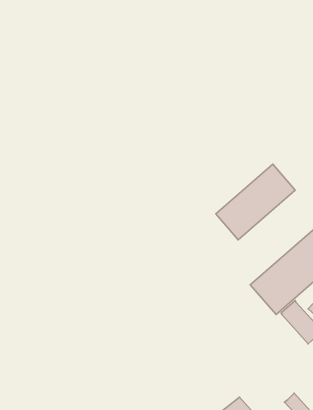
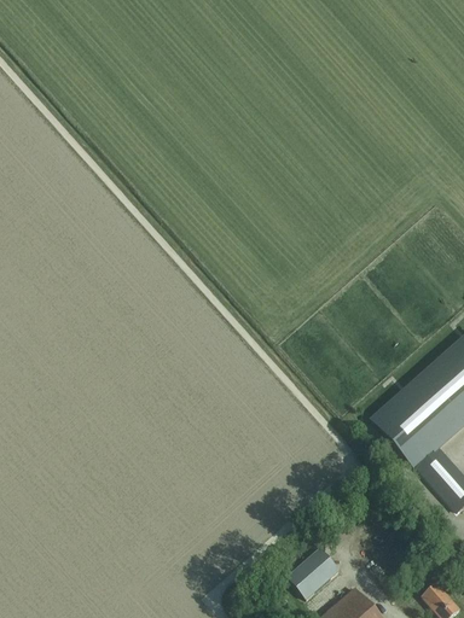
building: [216,164,295,240] -> none
building: none -> [286,549,338,599]

